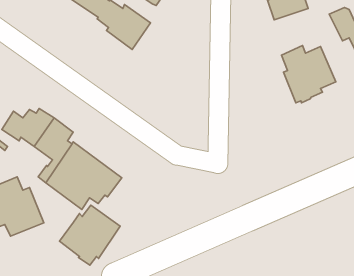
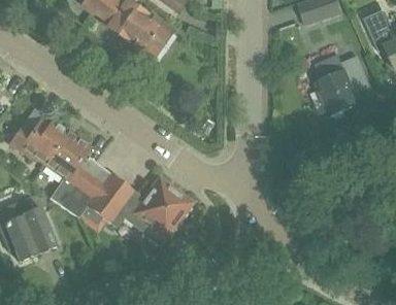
building: [59,205,120,265] -> [124,177,190,242]

